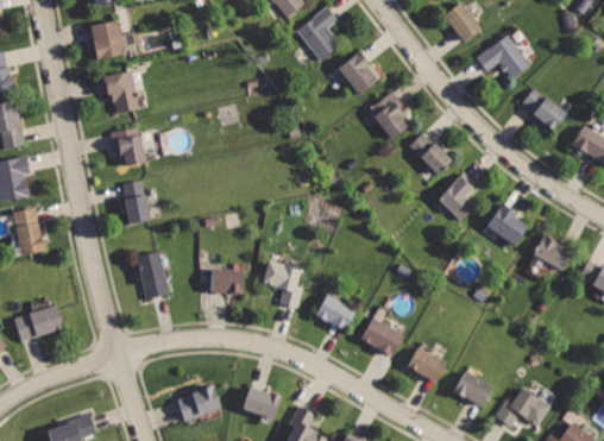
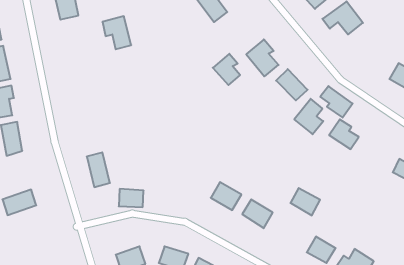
building: [336,48,376,93] -> [213,54,240,85]
building: [99,65,140,113] -> [102,16,131,49]
building: [522,87,568,132] -> [320,86,353,118]
building: [107,121,145,165] -> none
building: [120,177,151,222] -> none
building: [533,234,573,271] -> none
building: [260,259,304,309] -> none
building: [208,267,244,294] -> [119,189,144,207]
building: [405,346,448,385] -> [290,188,320,215]

